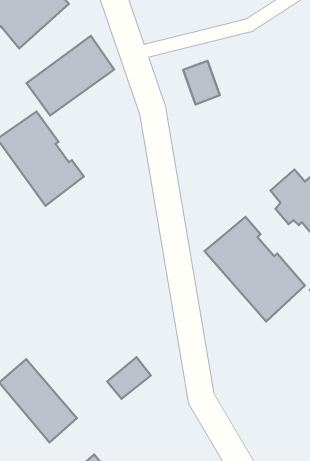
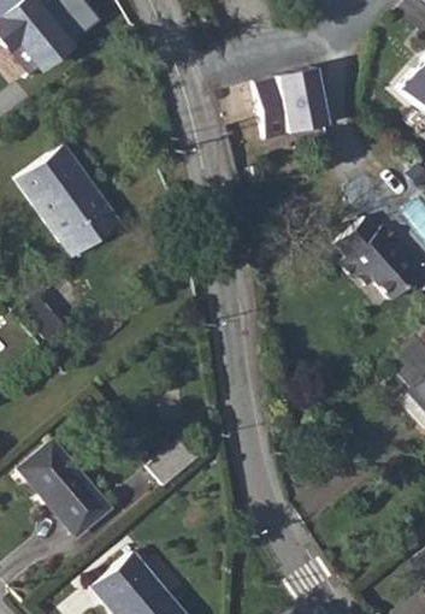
building: [26,36,114,116] -> none
building: none -> [284,67,329,132]
building: [205,217,305,321] -> none

